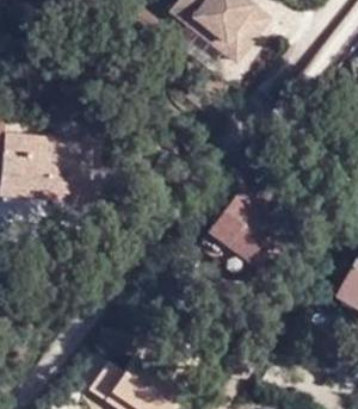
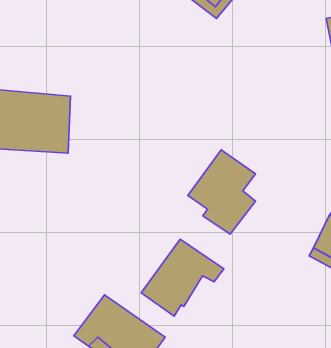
building: none -> [141,239,224,316]

